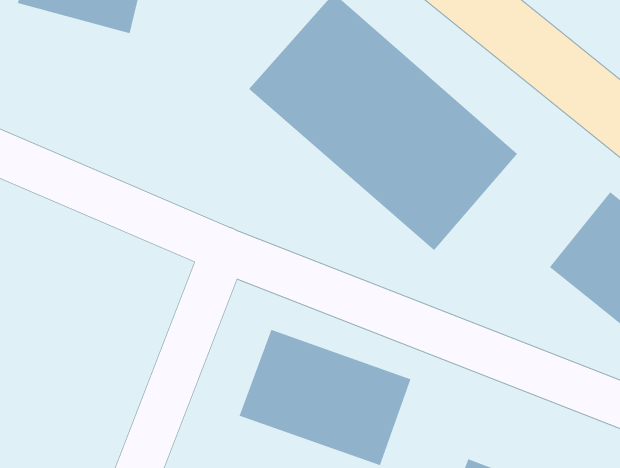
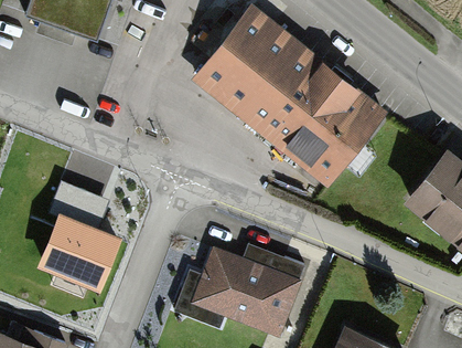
building: none -> [40,187,119,294]

